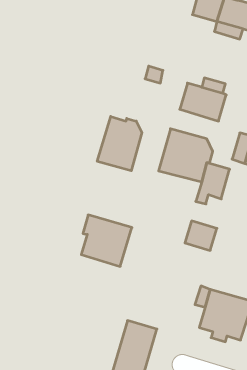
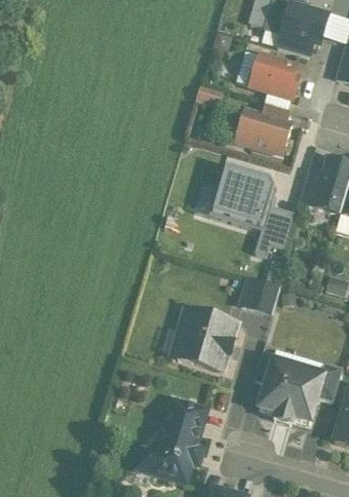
building: none -> [249,52,299,97]
building: [97,116,142,171] -> none
building: [81,215,132,266] -> [177,306,238,369]

